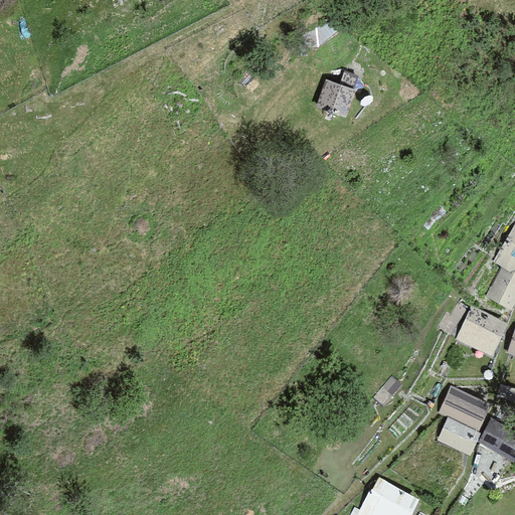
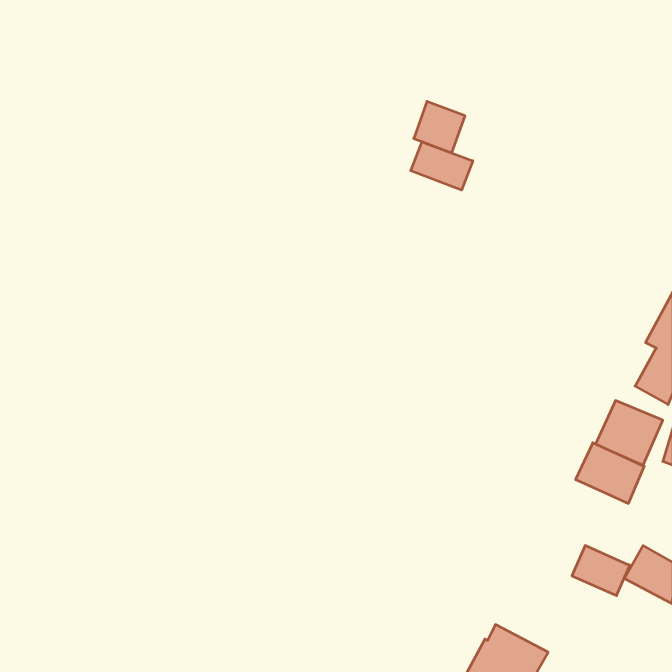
building: none -> [411,142,473,190]
building: [439,385,491,432] -> [576,443,644,503]

